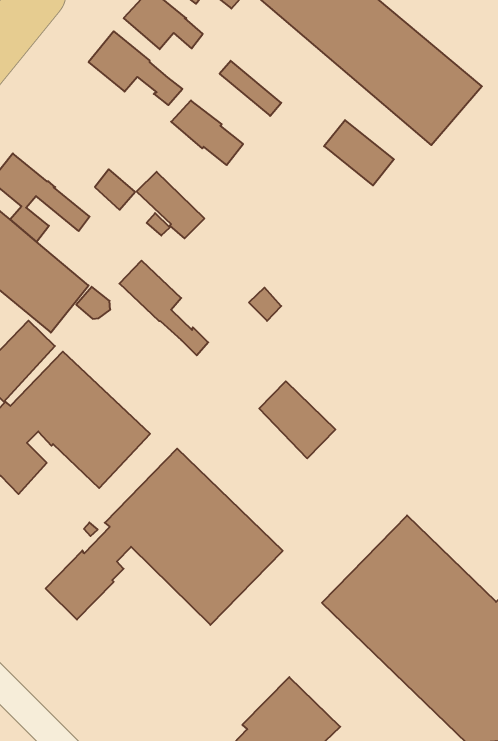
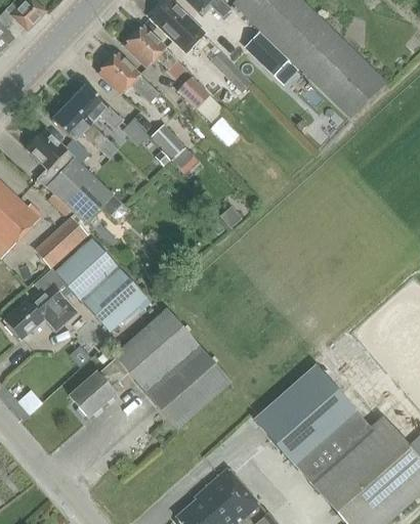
building: none -> [98,53,159,103]
building: [324,120,394,185] -> [244,32,290,77]
building: none -> [70,86,124,131]
building: [119,261,208,355] -> none
building: [259,381,335,458] -> none

